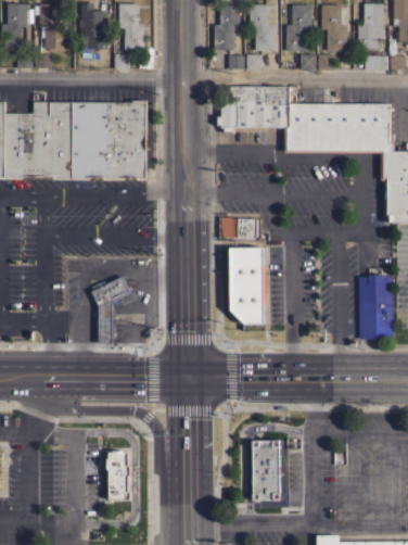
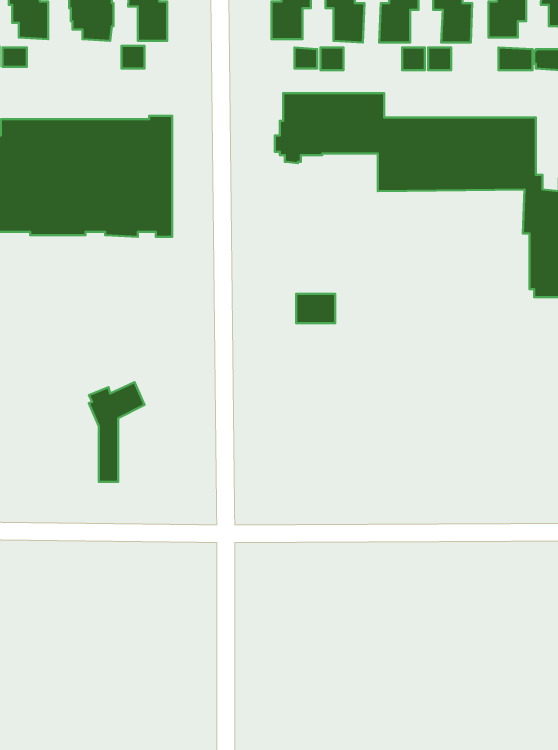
building: [228,248,266,324] -> none
building: [358,276,393,339] -> none
building: [250,439,281,503] -> none
building: [106,451,130,499] -> none

